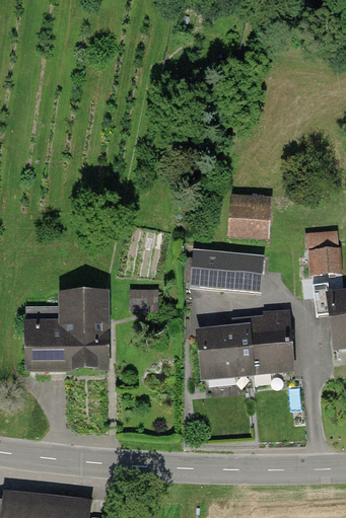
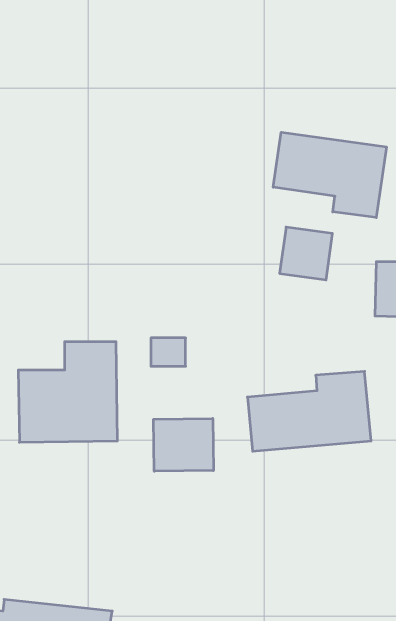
building: none -> [273,132,386,218]
building: [190,248,261,290] -> none
building: none -> [154,418,213,471]

